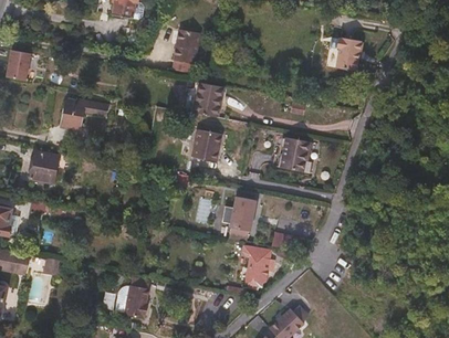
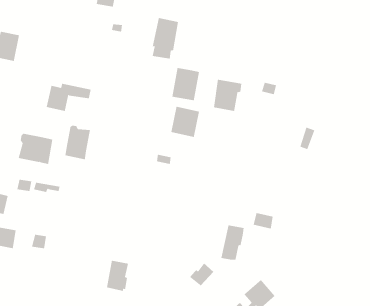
building: [326,39,362,72] -> none
building: [280,138,311,172] -> [213,79,242,112]
building: none -> [65,125,91,160]
building: [227,198,254,243] -> none

